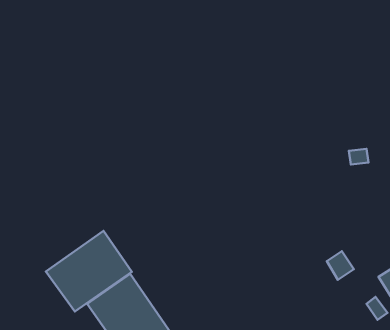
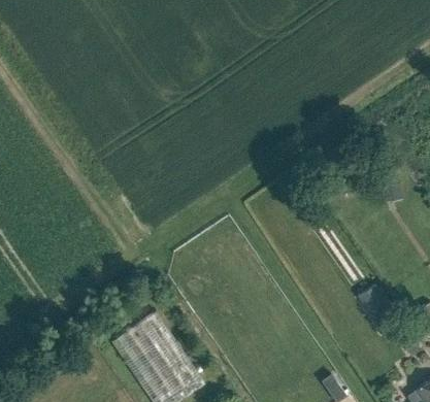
building: [46,231,132,312] -> none

